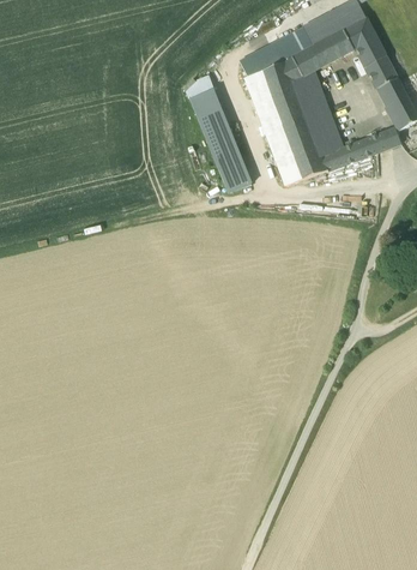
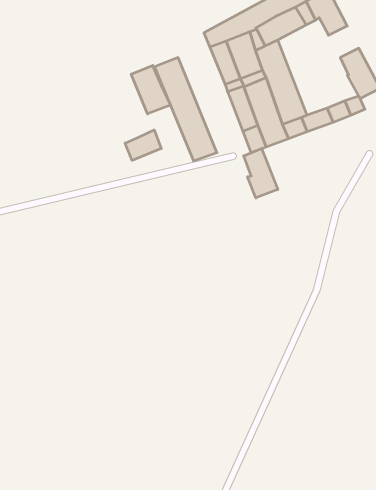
building: [365,55,397,88] -> none
building: none -> [131,65,170,114]
building: none -> [125,130,161,160]
building: none -> [244,148,278,198]

